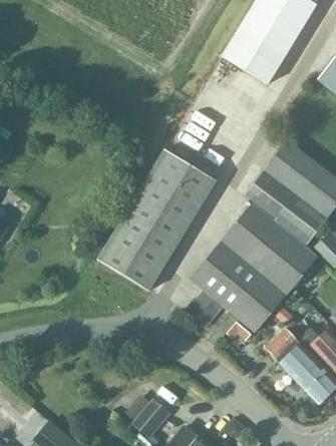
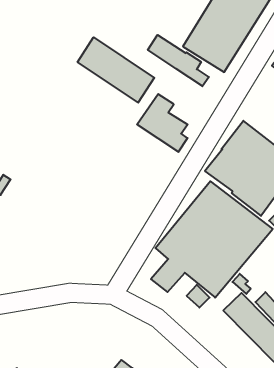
building: none -> [148,35,209,86]
building: none -> [78,37,154,103]
building: [97,149,216,291] -> none

